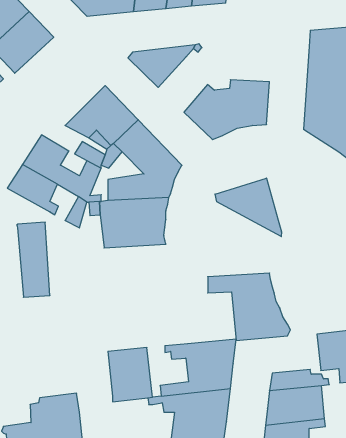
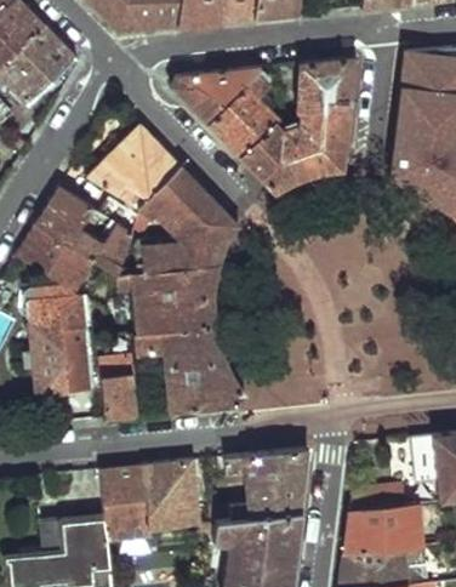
building: none -> [295,58,353,118]
building: none -> [207,86,275,156]
building: [215,178,281,237] -> none
building: none -> [28,284,92,391]
building: none -> [102,353,137,417]
building: [208,273,290,340] -> [138,325,244,411]
building: none -> [98,462,149,540]

